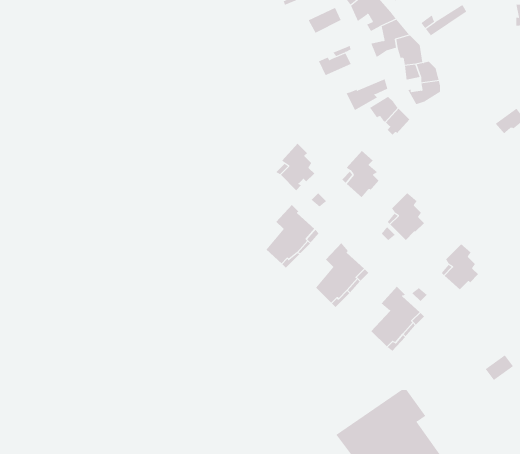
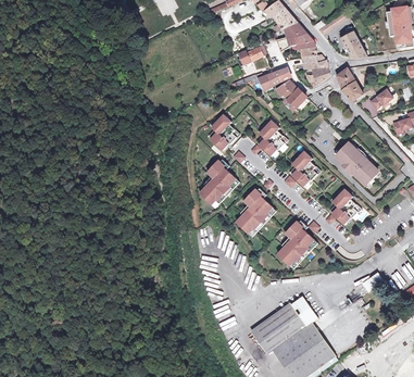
building: none -> [339,29,367,59]
building: none -> [337,67,365,102]
building: none -> [336,142,378,184]

